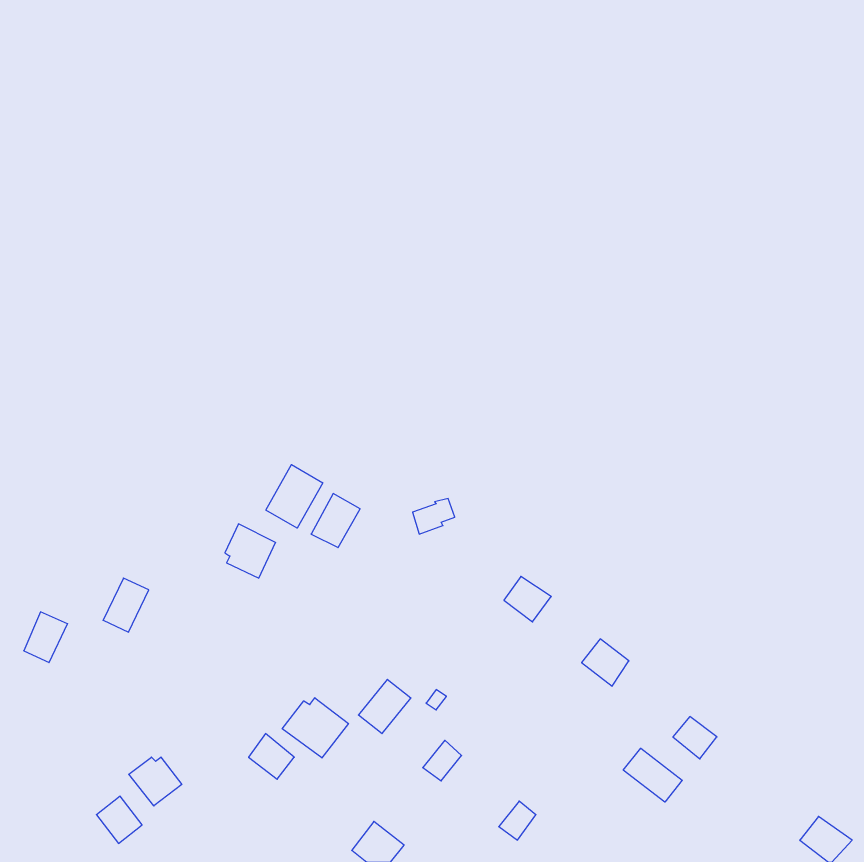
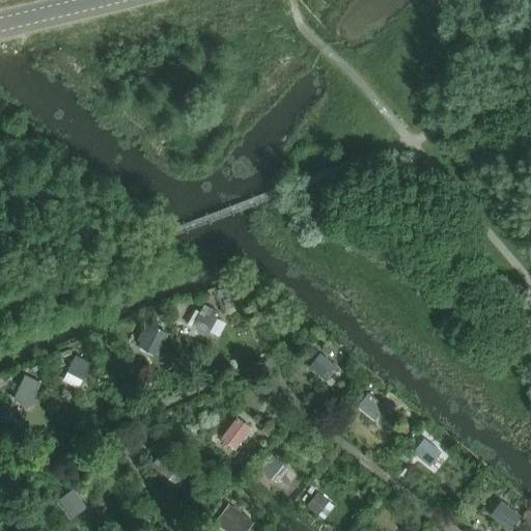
building: [266,465,323,528] -> none
building: [282,698,348,758] -> none
building: [623,748,682,802] -> none
building: [129,757,182,806] -> none

